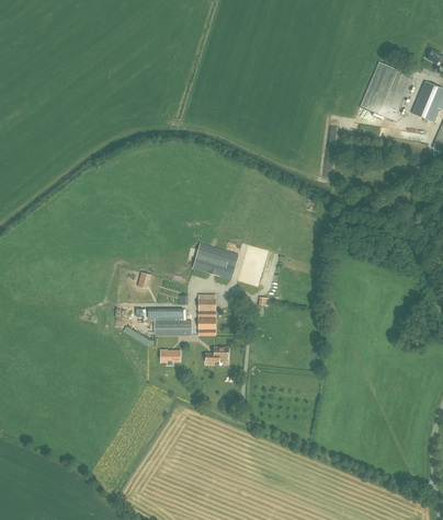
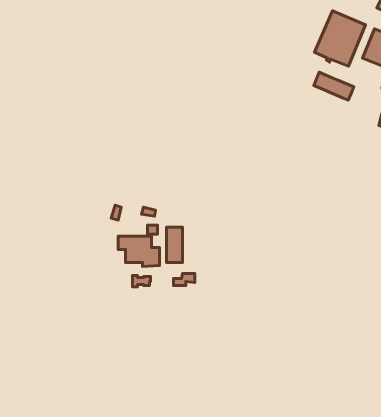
building: none -> [314,72,354,100]
building: [193,243,238,278] -> none

